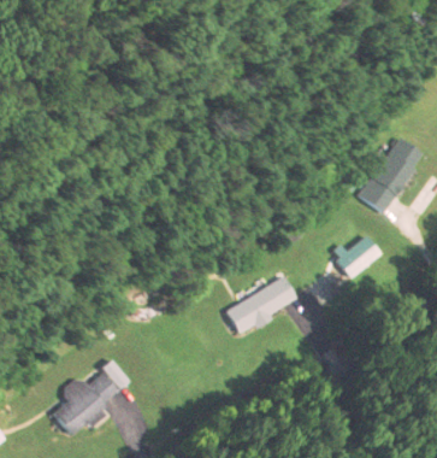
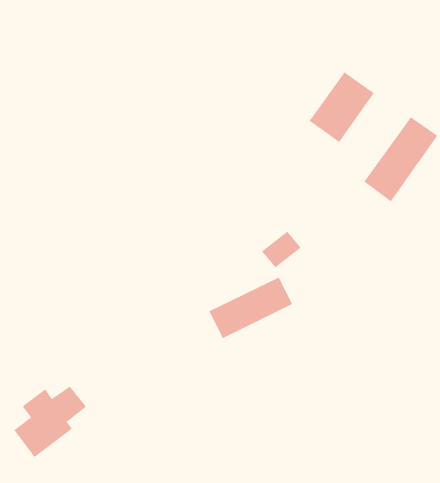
building: none -> [309,71,374,143]
building: [338,242,373,275] -> [261,231,301,268]

